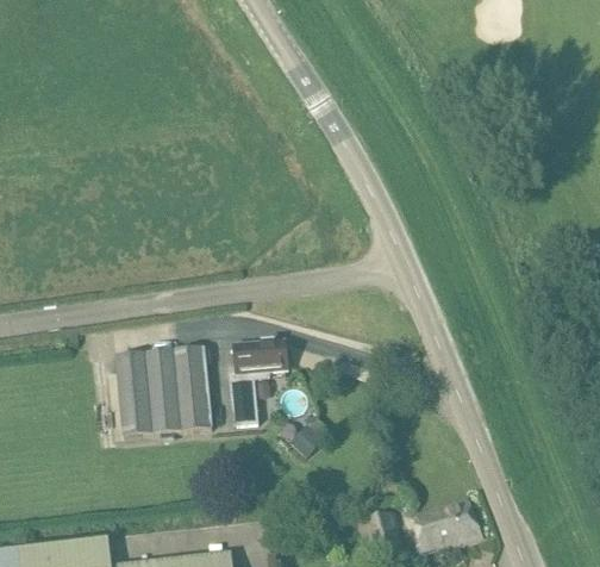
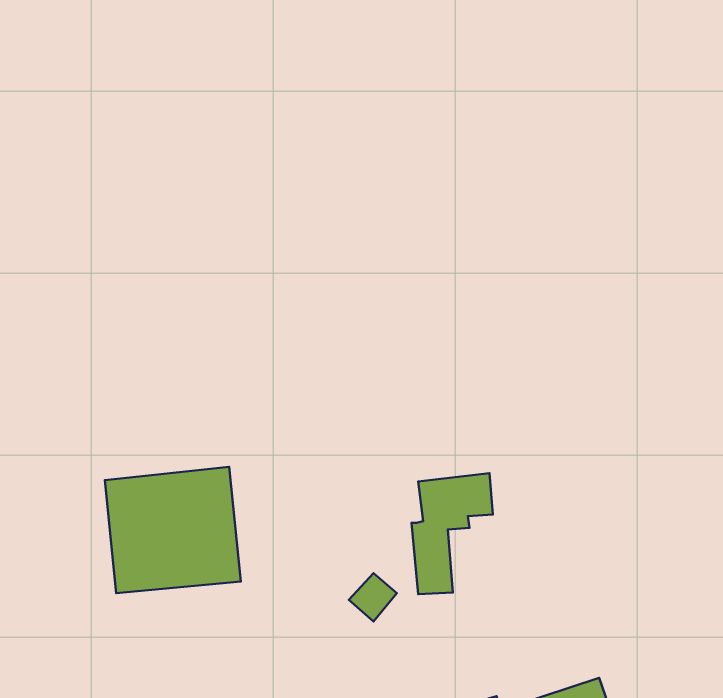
building: [229,338,287,425] -> [411,473,493,594]

